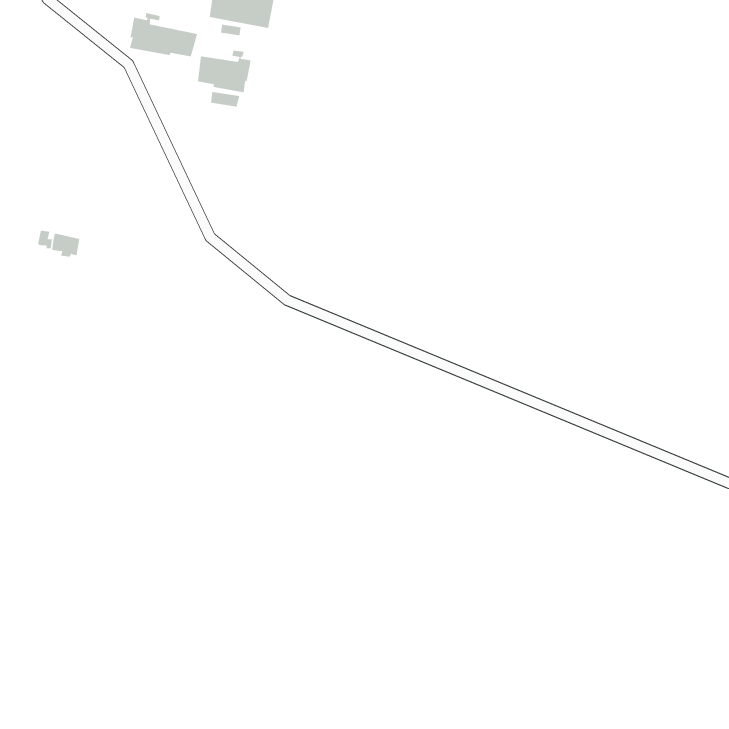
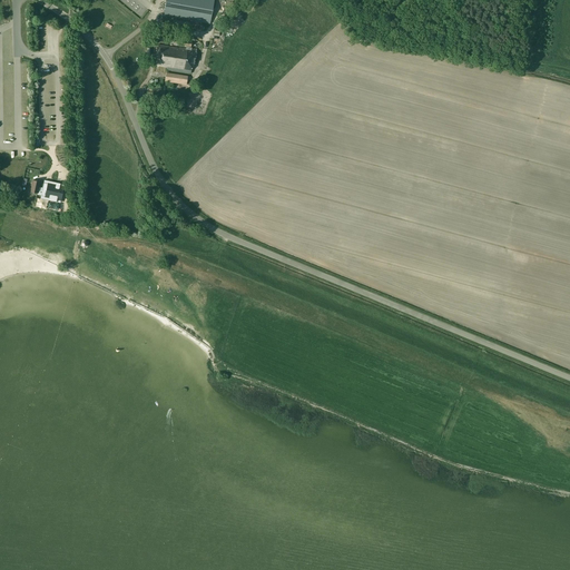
building: [129,12,198,57] -> none

